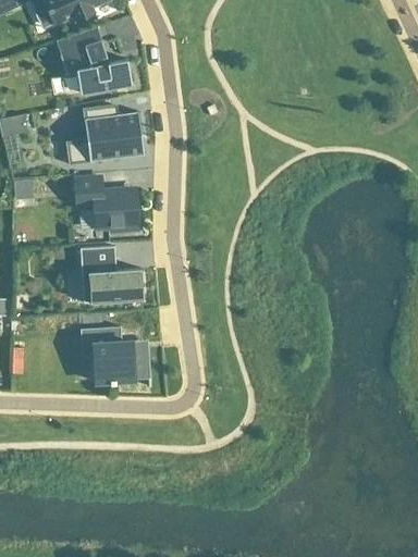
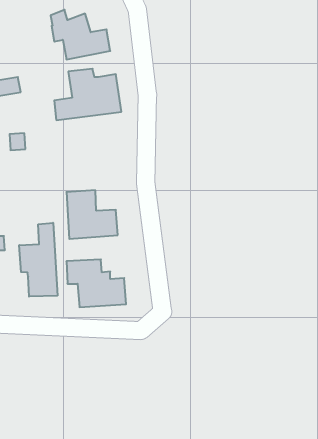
building: [73,177,138,232] -> none
building: none -> [19,223,57,297]

